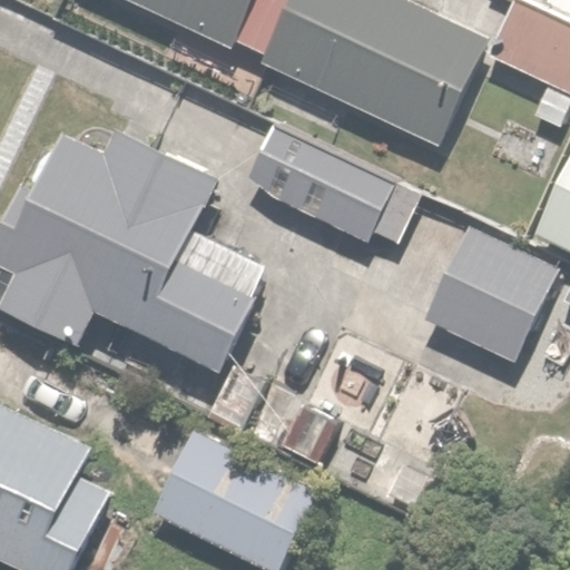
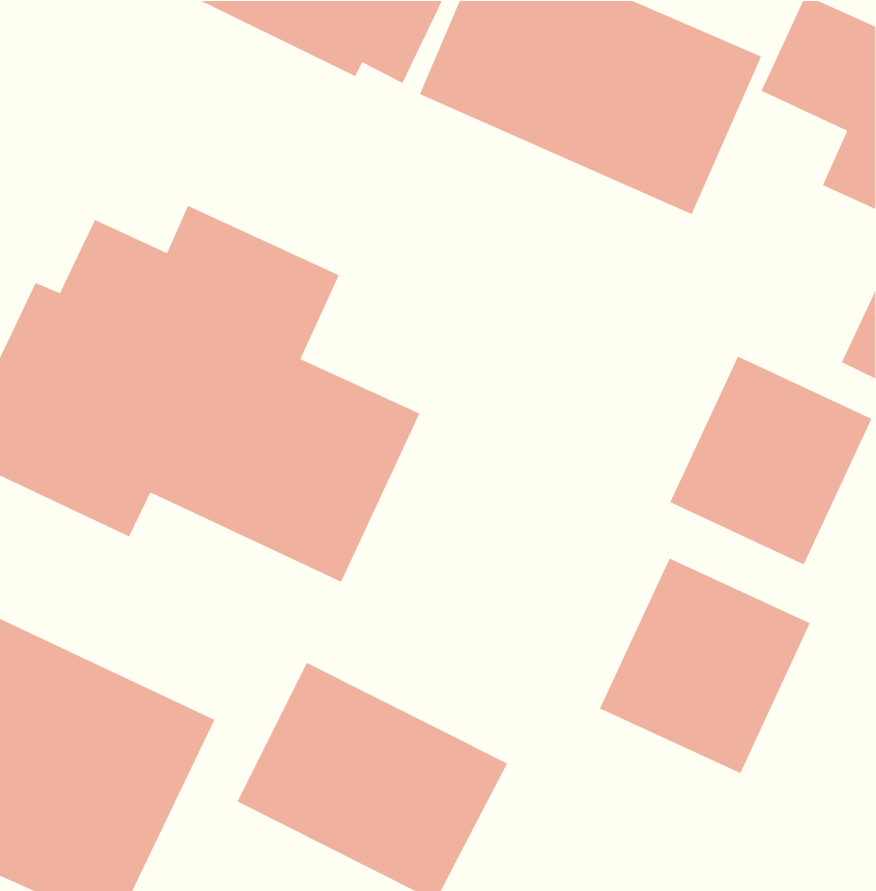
building: [243,120,397,244] -> none
building: none -> [599,557,811,774]

